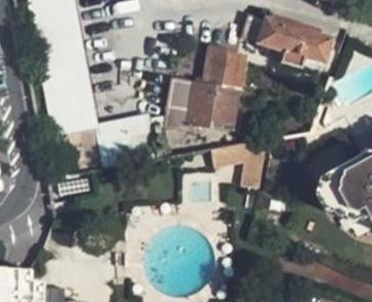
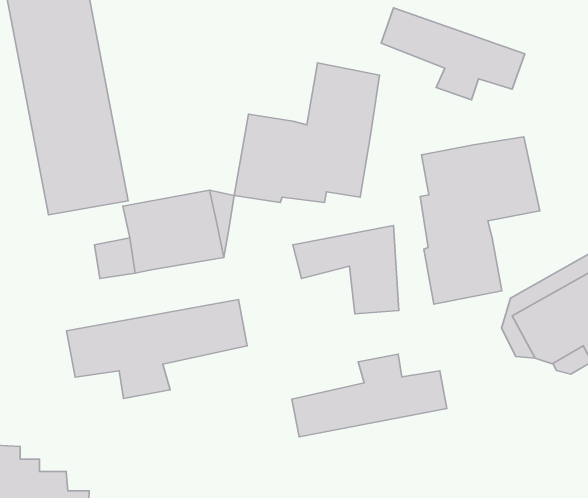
building: none -> [420,137,540,304]
building: none -> [67,299,247,398]
building: none -> [292,354,447,437]

